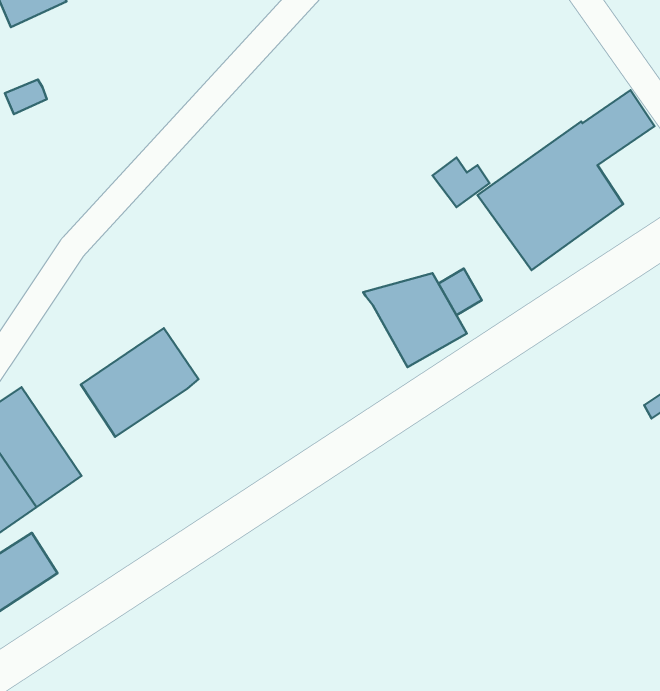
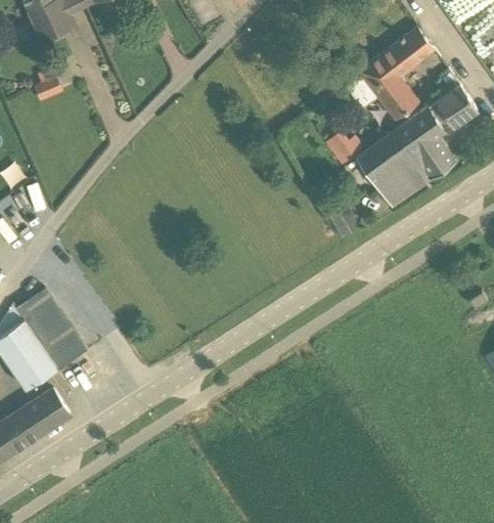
building: none -> [361,29,435,120]
building: [363,273,467,367] -> none
building: [81,328,199,437] -> none

